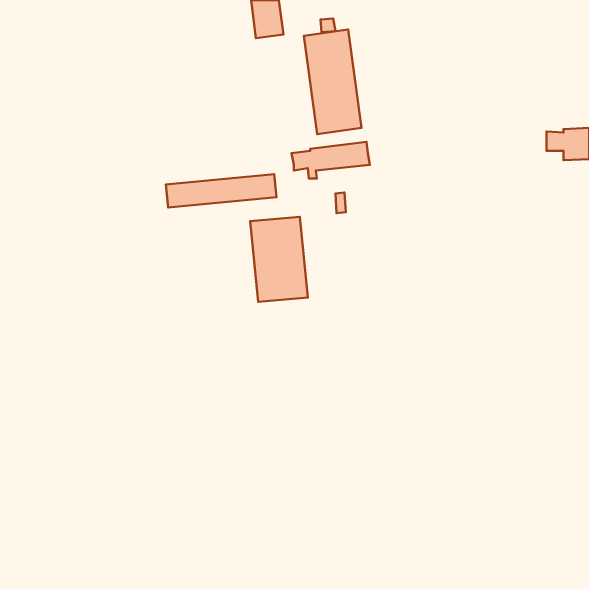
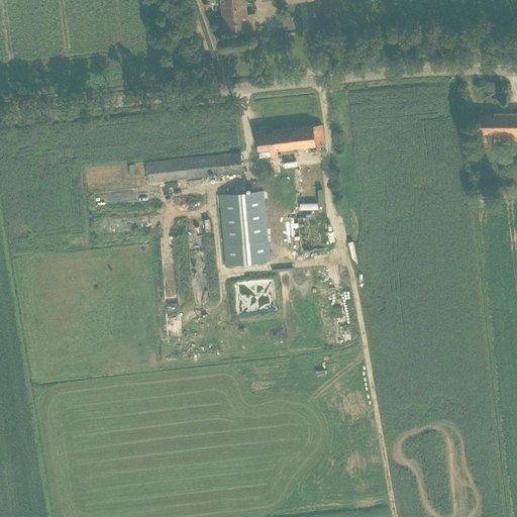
building: [304,30,361,134] -> none

